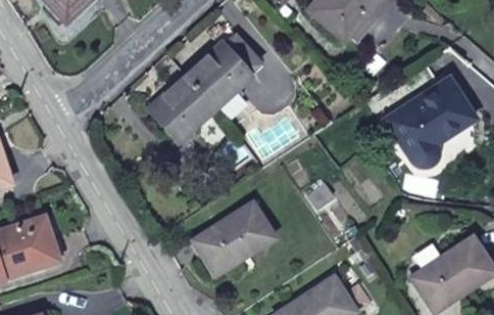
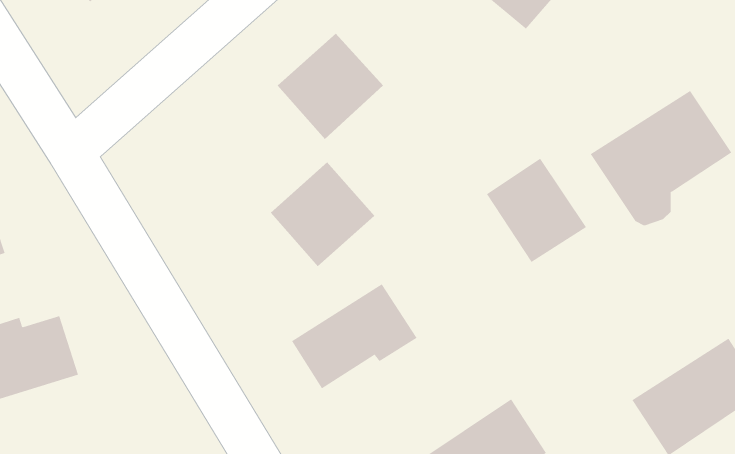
building: [148,75,215,142] -> [270,162,375,267]
building: none -> [486,158,587,263]

